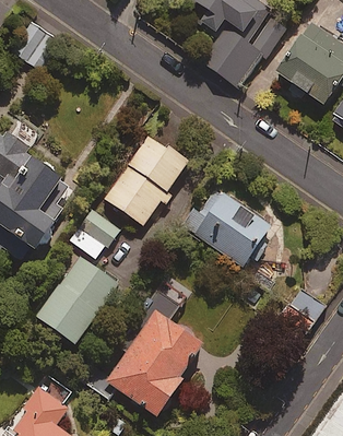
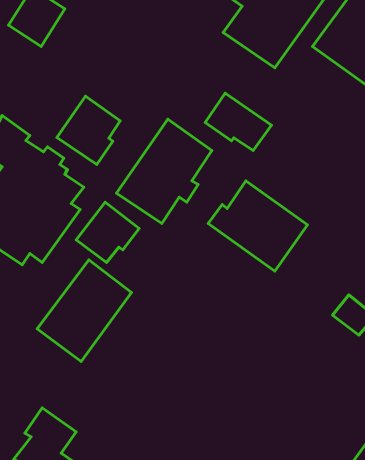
building: none -> [205,93,272,151]
building: none -> [57,96,120,165]
building: [105,310,203,415] -> none

